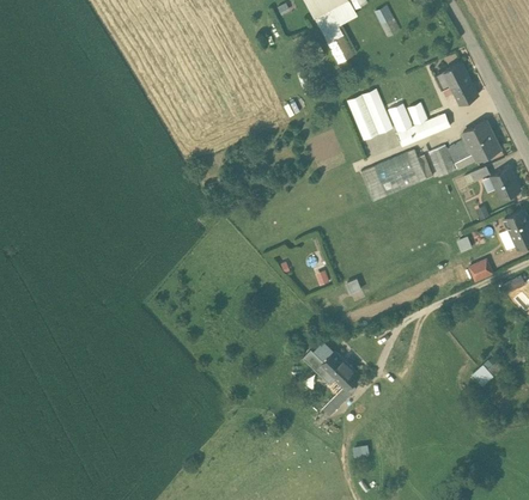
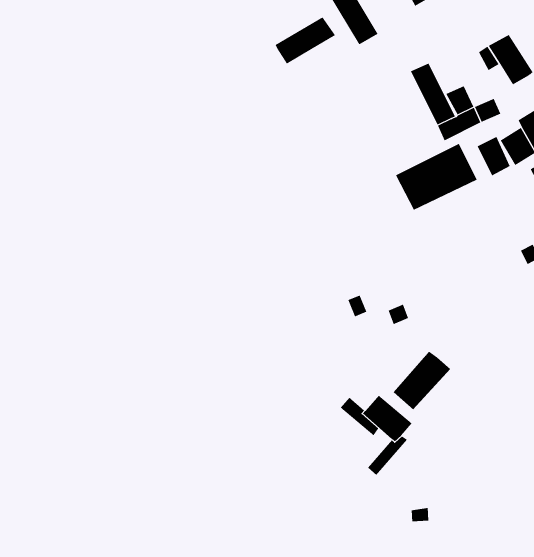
building: none -> [275,17,336,65]
building: [345,89,391,140] -> none
building: none -> [393,351,451,410]

